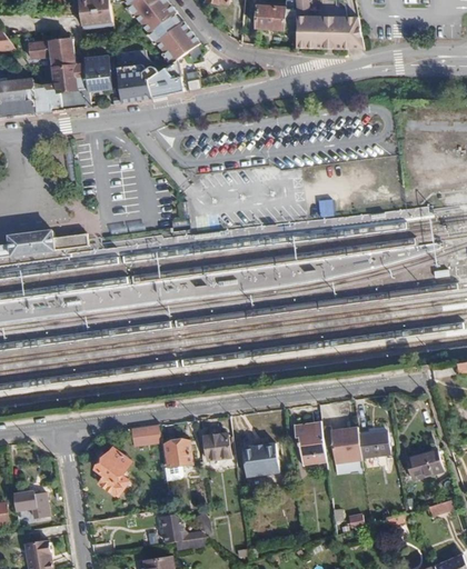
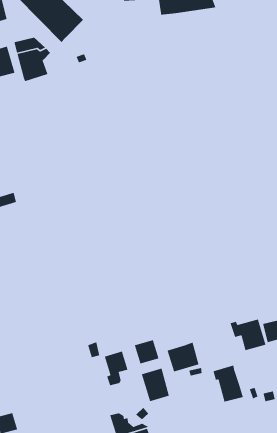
building: [147,58,181,98] -> none
building: [294,421,326,465] -> [213,365,244,402]
building: [95,447,131,497] -> none
building: none -> [141,367,170,402]

